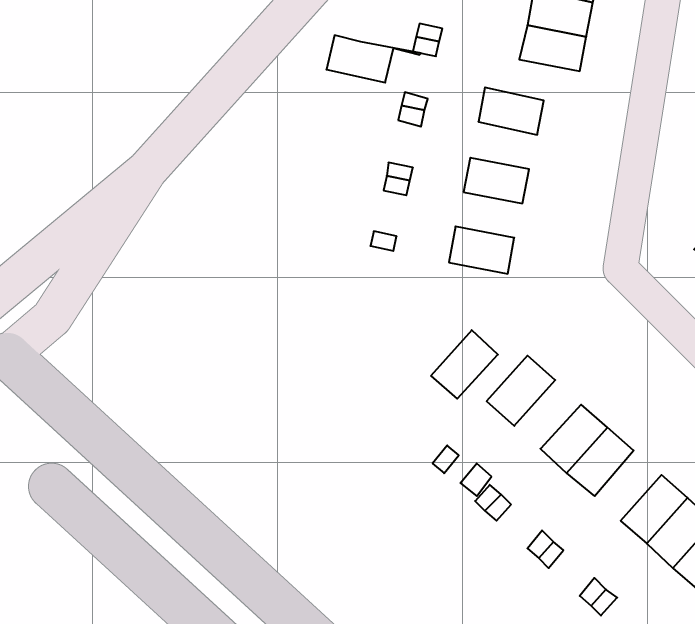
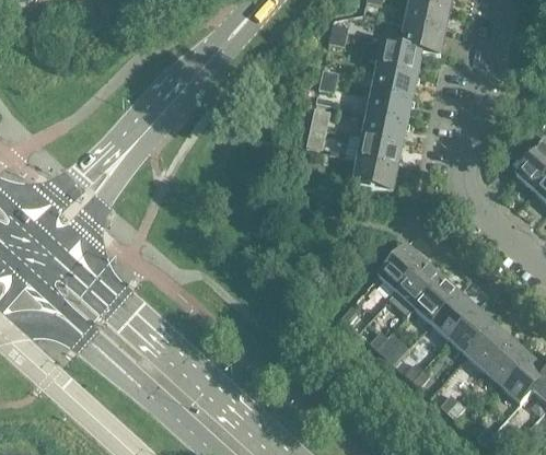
building: [326,35,421,83] -> [376,39,440,71]
building: none -> [367,85,411,117]
building: none -> [357,132,402,163]
building: [431,330,498,399] -> [396,258,441,304]
building: none -> [450,305,495,352]

